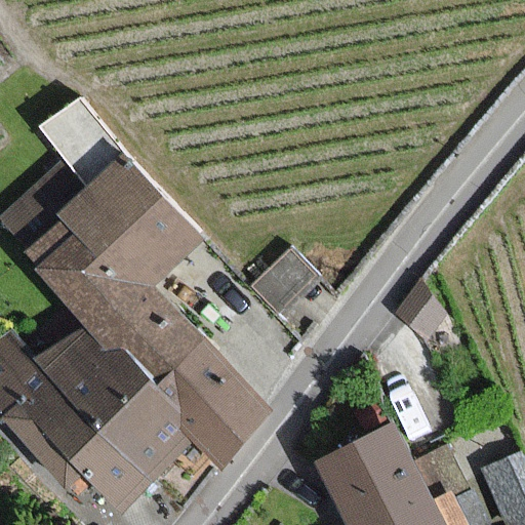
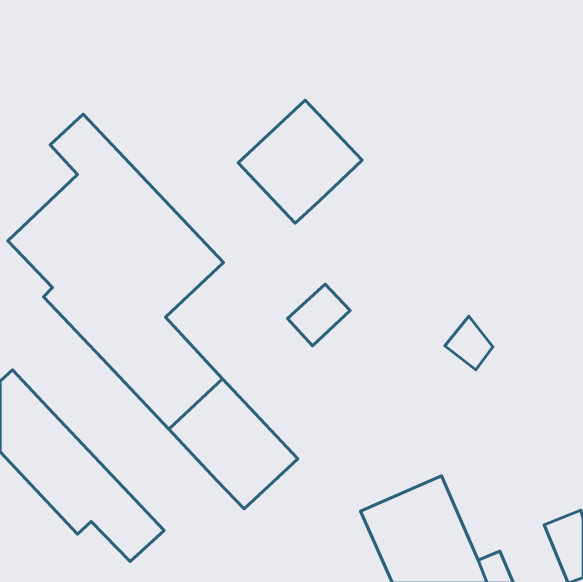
building: none -> [238,100,362,223]
building: [43,329,195,478] -> none

